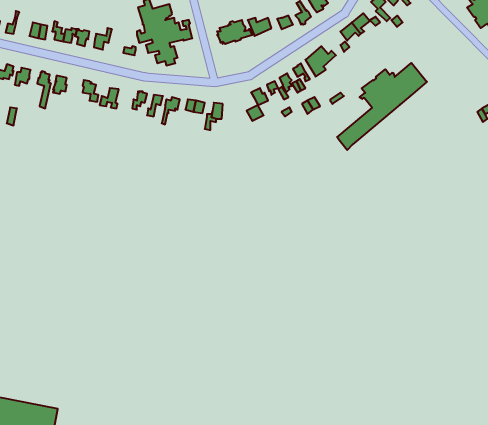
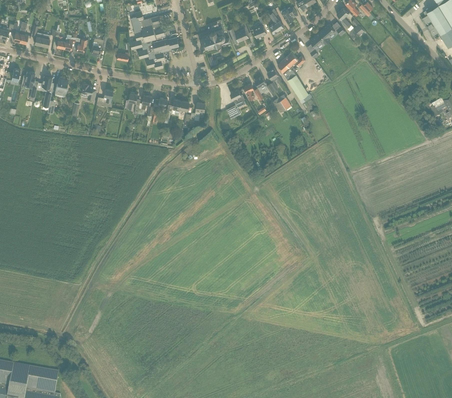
building: [337,63,427,150] -> none

